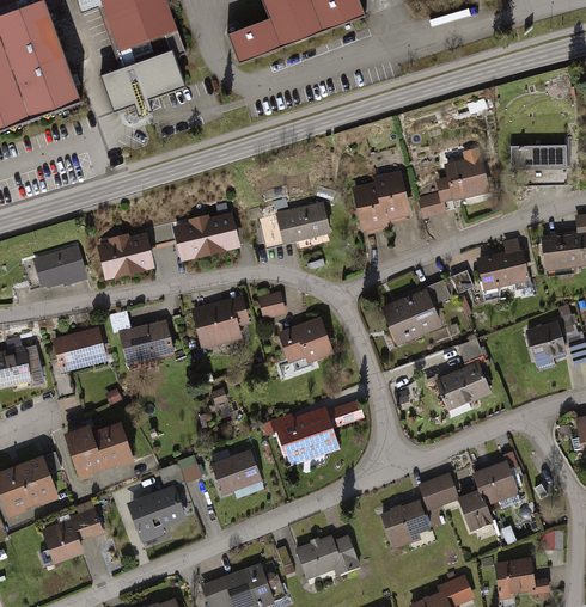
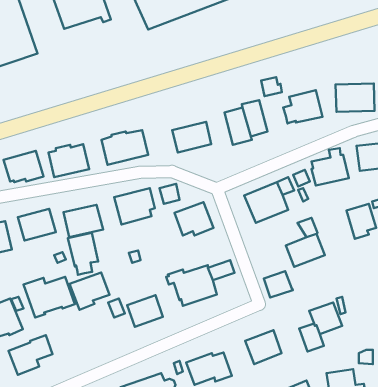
building: [100,49,184,114] -> none
building: [416,191,446,219] -> [261,77,282,96]
building: none -> [68,233,98,275]
building: [416,472,458,510] -> [264,271,293,298]
building: [127,486,184,540] -> [70,272,109,310]

